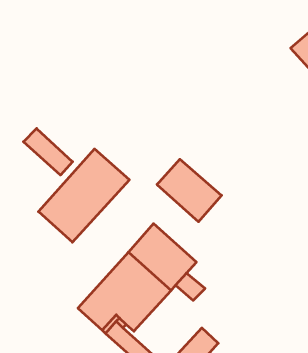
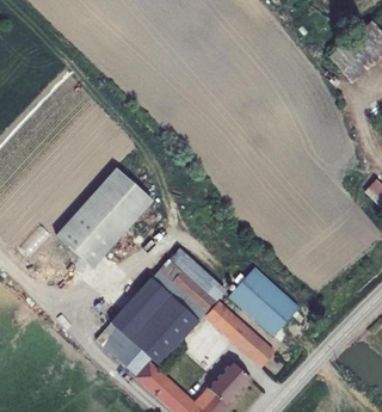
building: [23,128,73,175] -> none
building: [157,159,222,222] -> [228,268,298,336]
building: none -> [222,318,273,365]

